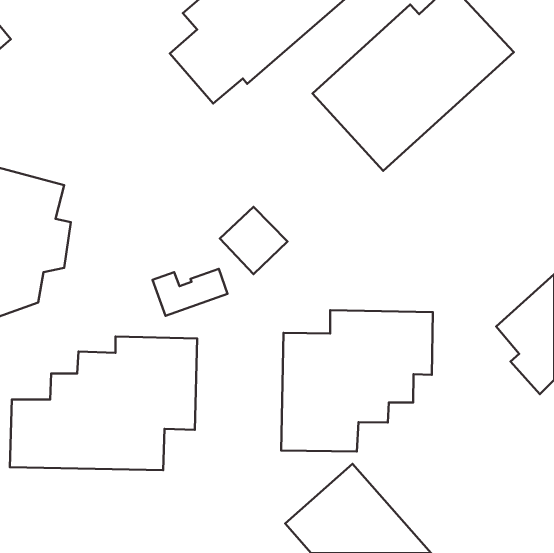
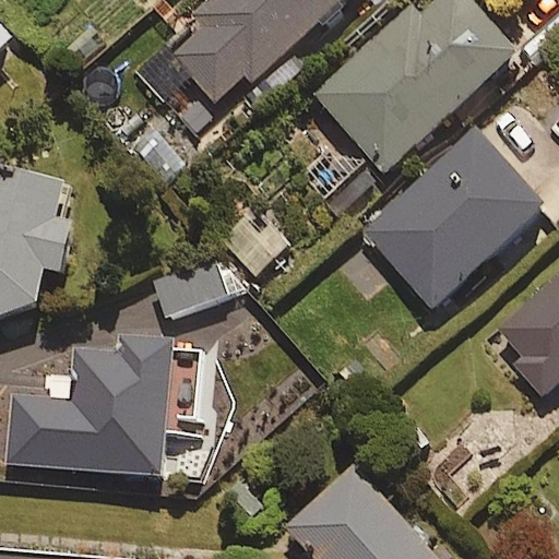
building: none -> [362,131,543,308]
building: [281,310,433,451] -> none

